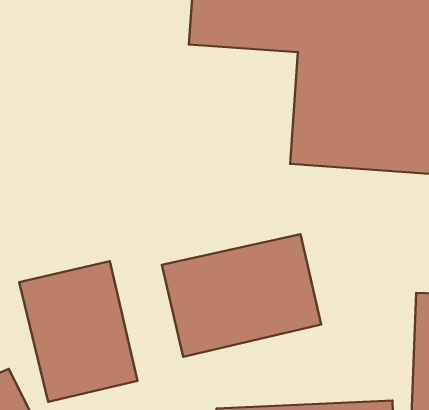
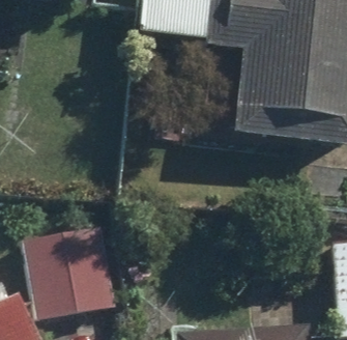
building: [162,234,321,357] -> none

